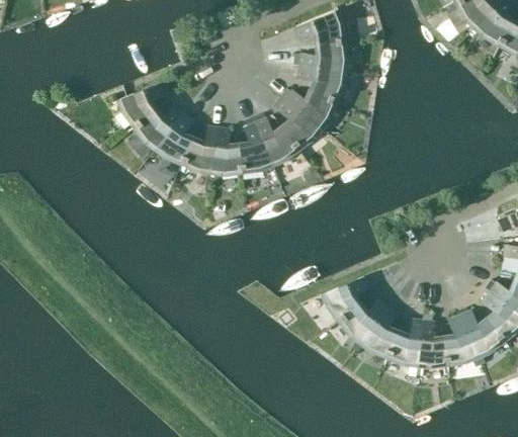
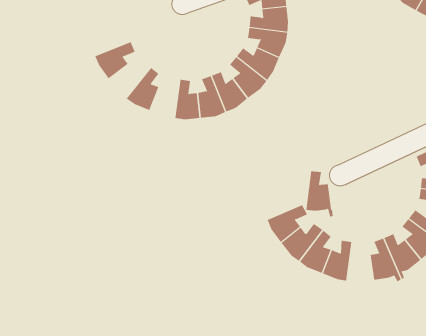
building: [131,103,181,149] -> none
building: [177,124,215,172] -> none
building: [414,319,447,373] -> [305,171,334,217]

